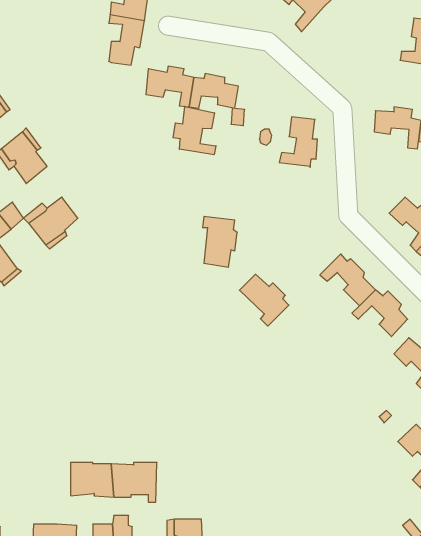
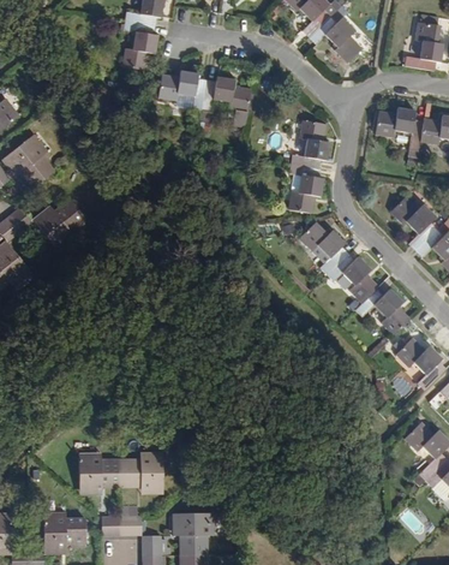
building: none -> [304,13,357,61]
building: [173,106,216,155] -> none
building: [203,216,237,267] -> [281,165,315,214]
building: [239,274,289,326] -> [294,224,342,274]

